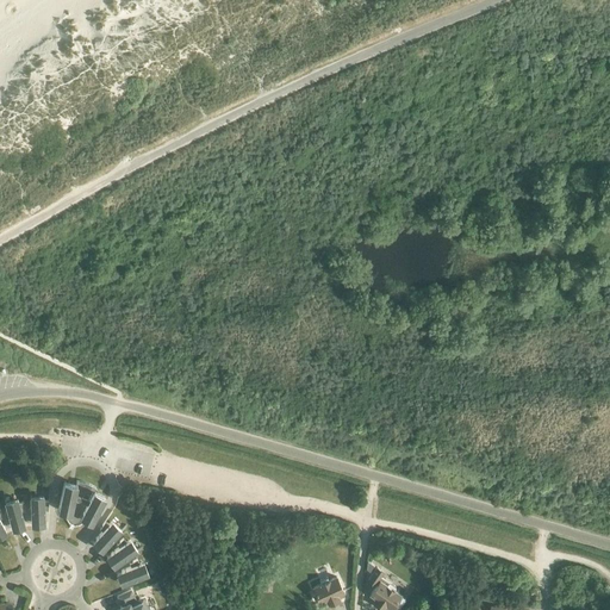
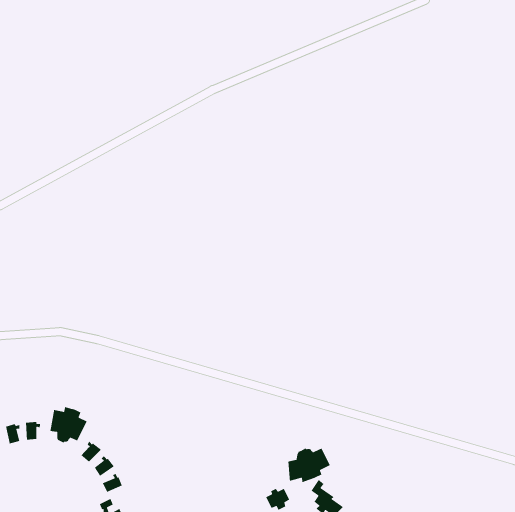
building: none -> [288,448,331,483]

